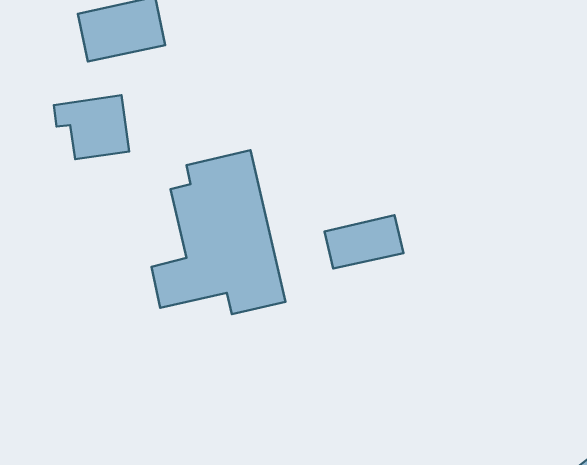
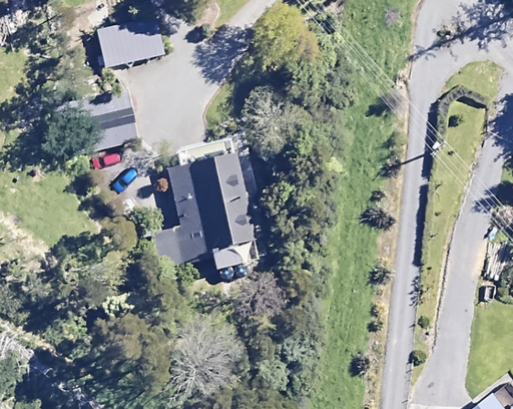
building: [325,215,404,268] -> none

